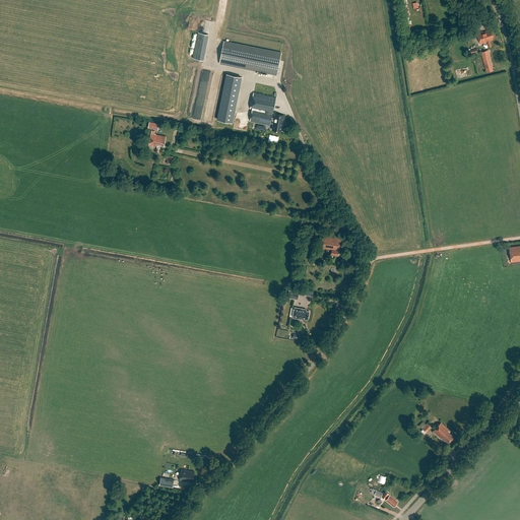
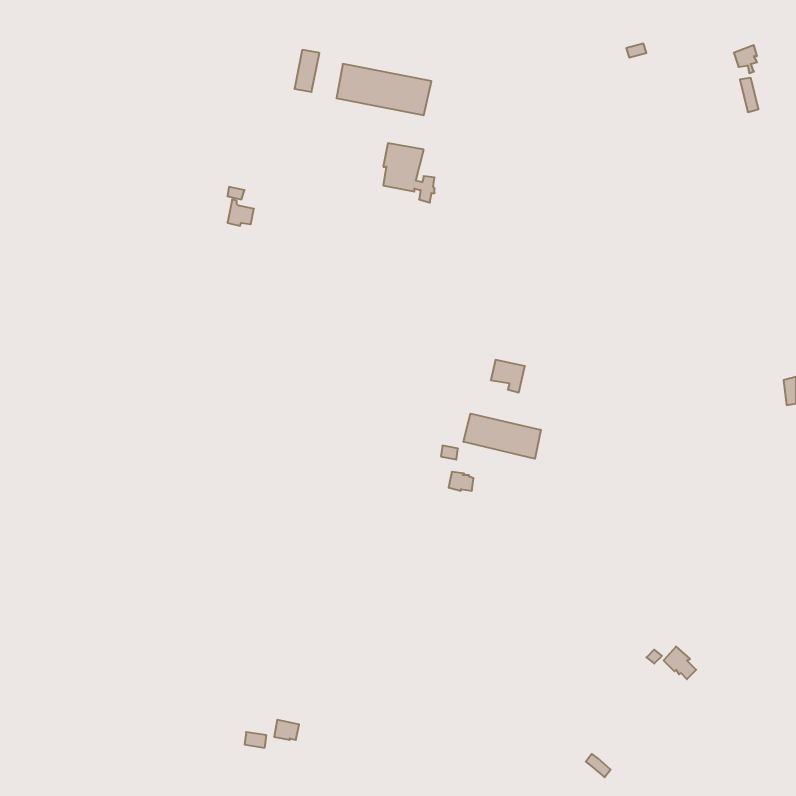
building: [217,74,242,123] -> none
building: none -> [464,414,541,459]

